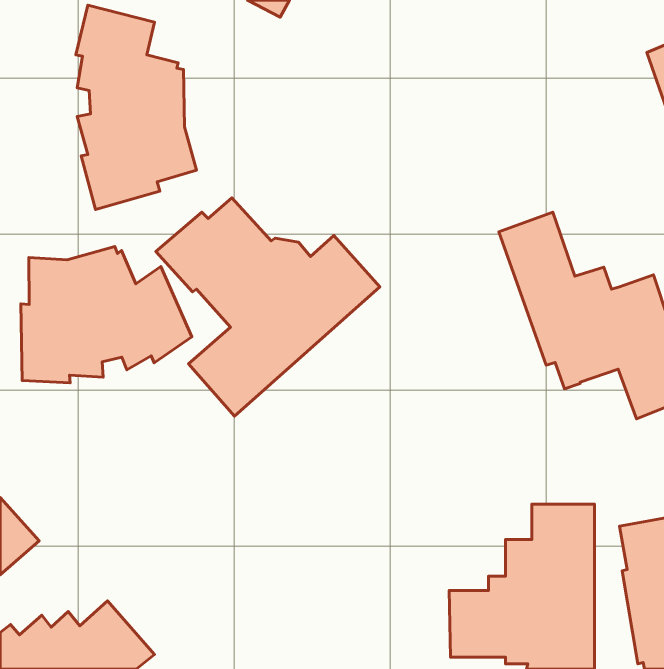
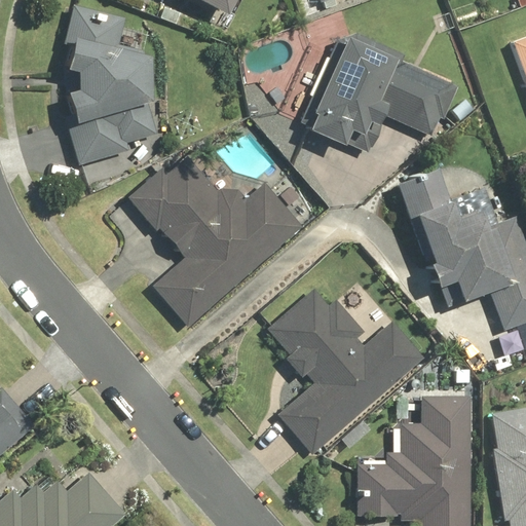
building: none -> [300,33,458,152]
building: [21,246,192,383] -> none
building: none -> [268,288,425,454]

